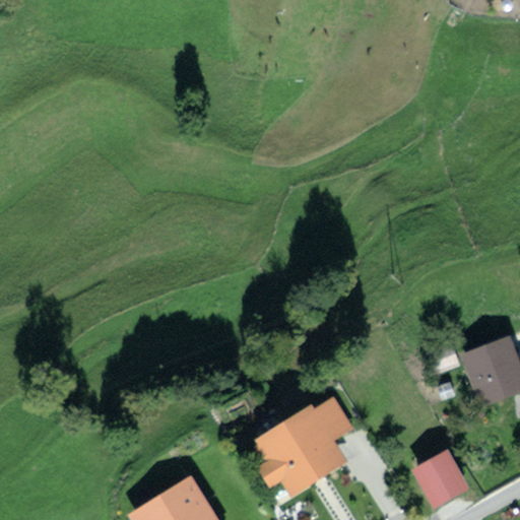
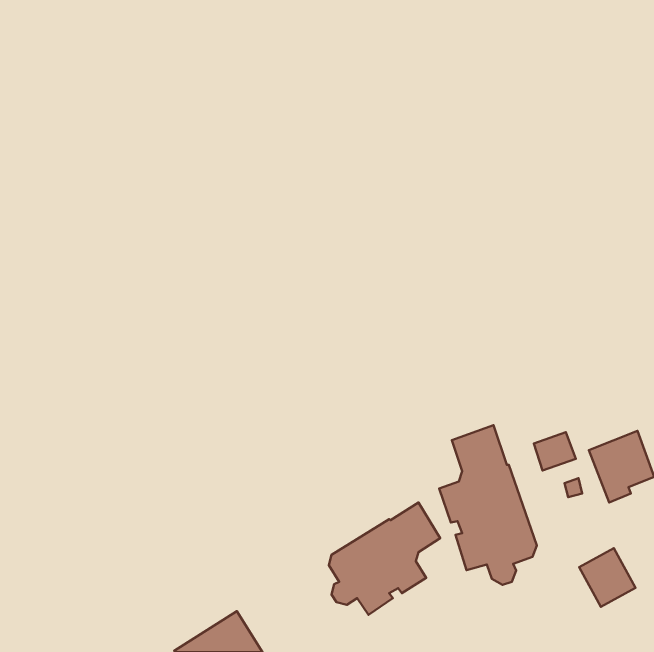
building: none -> [439,425,537,585]
building: [417,455,462,502] -> [579,548,635,607]

